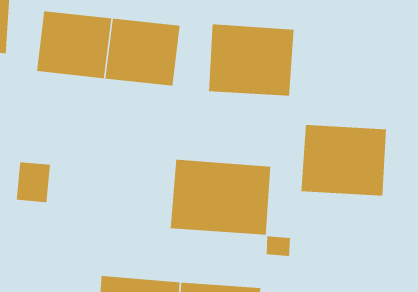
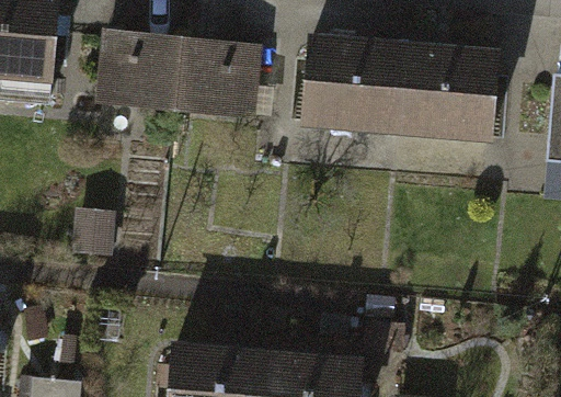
building: [301,124,387,196] -> [394,50,496,136]
building: [170,159,271,236] -> none

